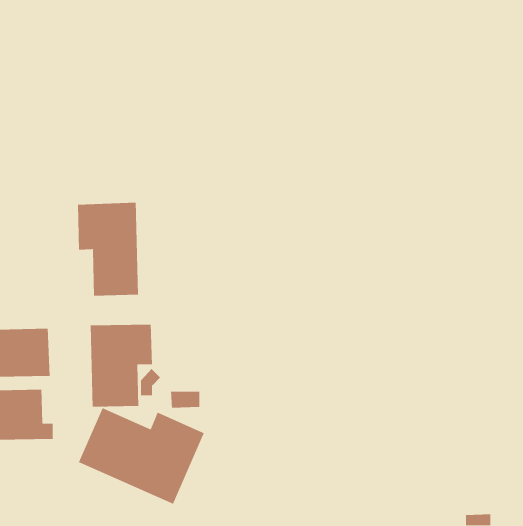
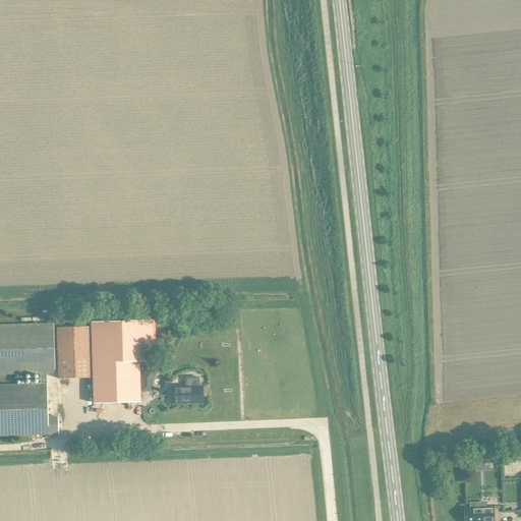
building: [77,202,139,296] -> none
building: none -> [52,326,88,379]
building: [78,407,205,505] -> none

